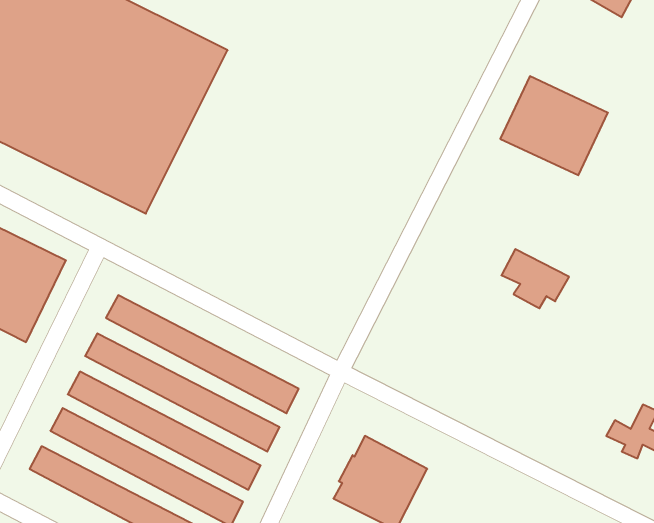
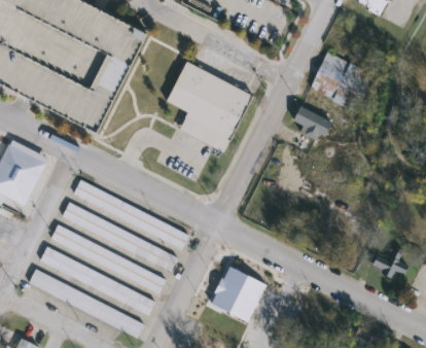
building: none -> [167,60,253,150]
building: [501,249,569,308] -> [292,106,332,141]

